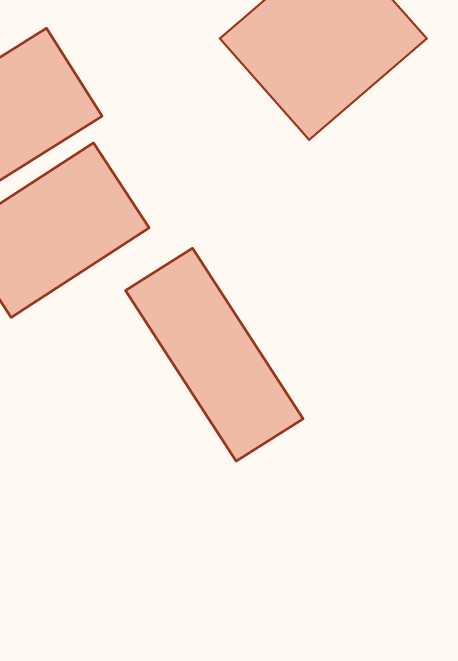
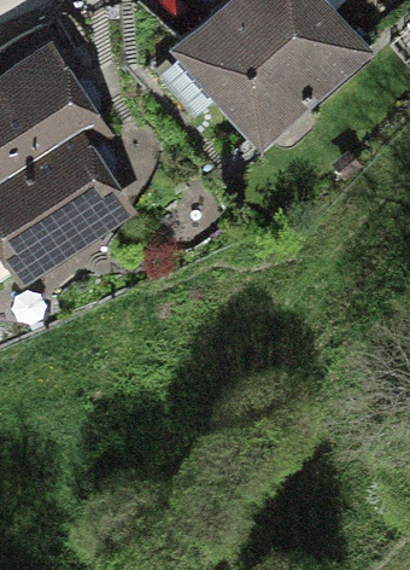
building: [126,248,303,461] -> none

